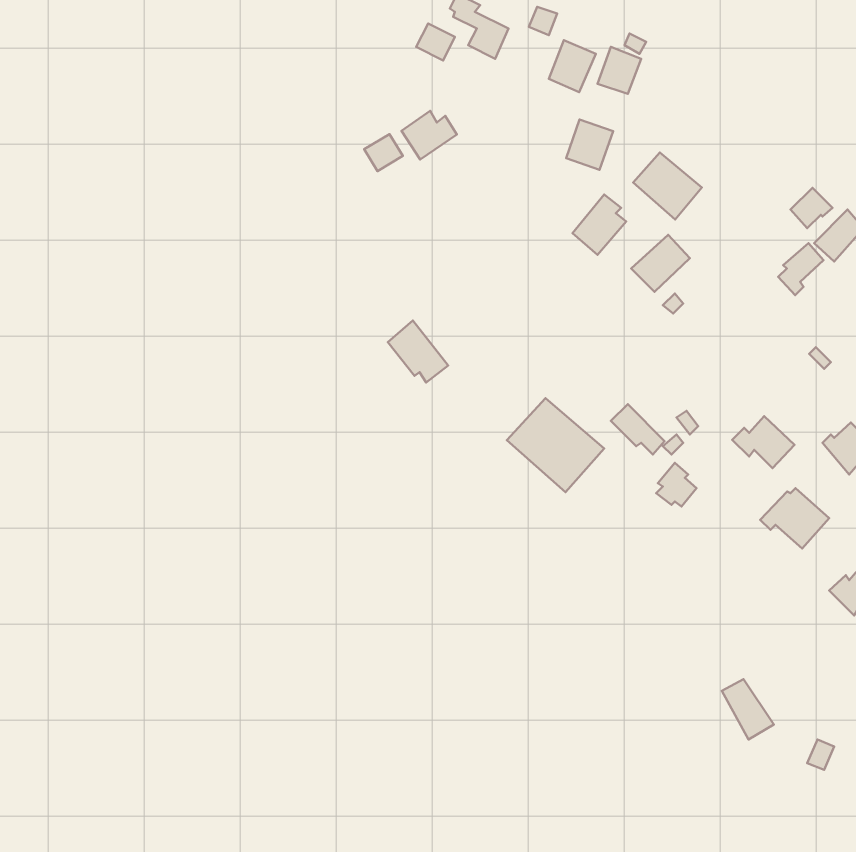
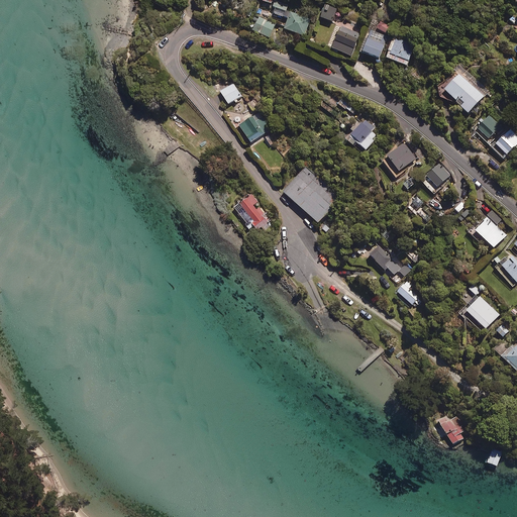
building: [402,111,457,160] -> [239,112,273,141]
building: [566,119,613,170] -> [386,34,414,65]
building: [633,152,702,219] -> [442,73,484,113]
building: [778,243,824,295] -> [422,163,449,194]
building: [507,398,604,492] -> [285,165,343,221]
building: [732,416,794,468] -> [469,216,506,247]

